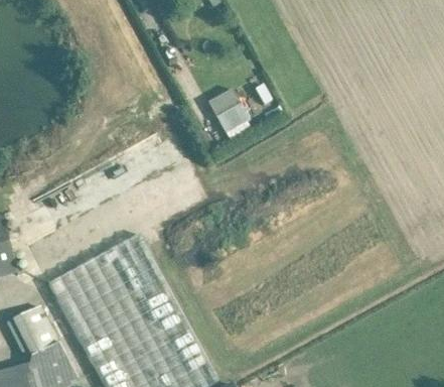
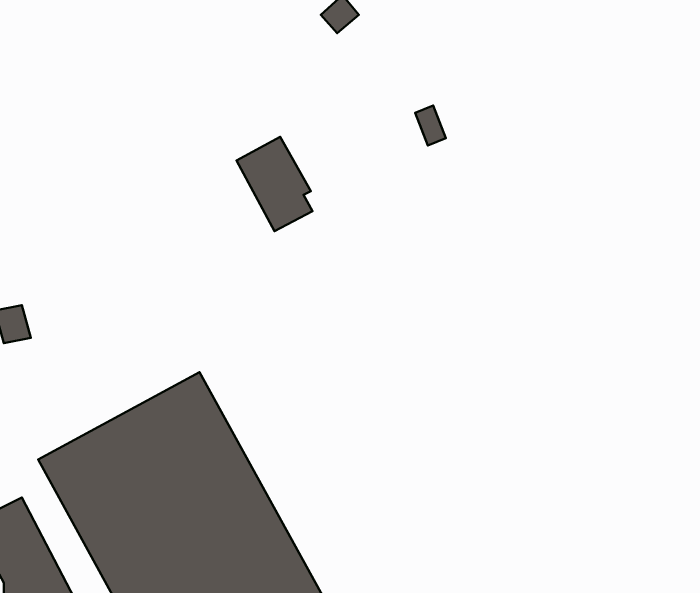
building: [207,88,250,140] -> [237,137,313,231]

